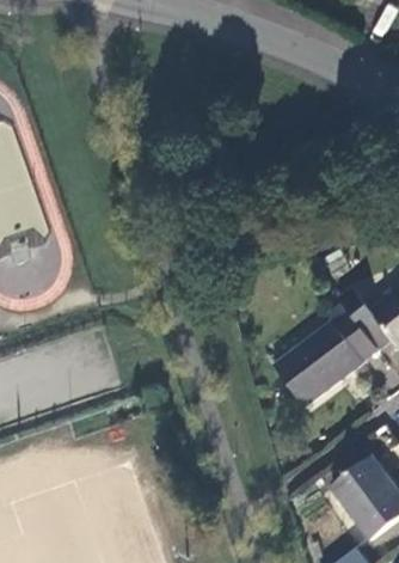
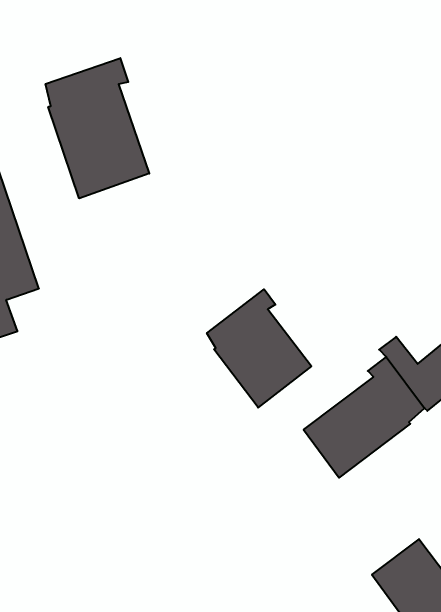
building: none -> [46,58,149,198]
building: none -> [207,289,311,408]

